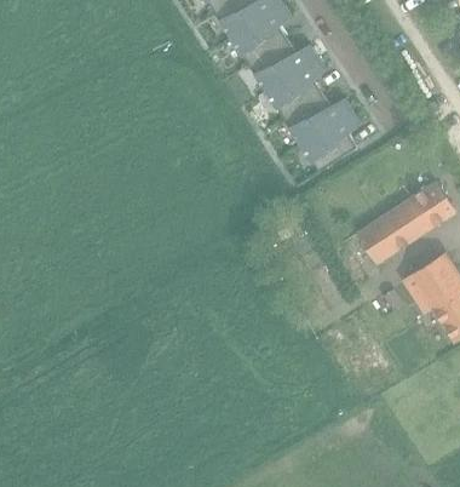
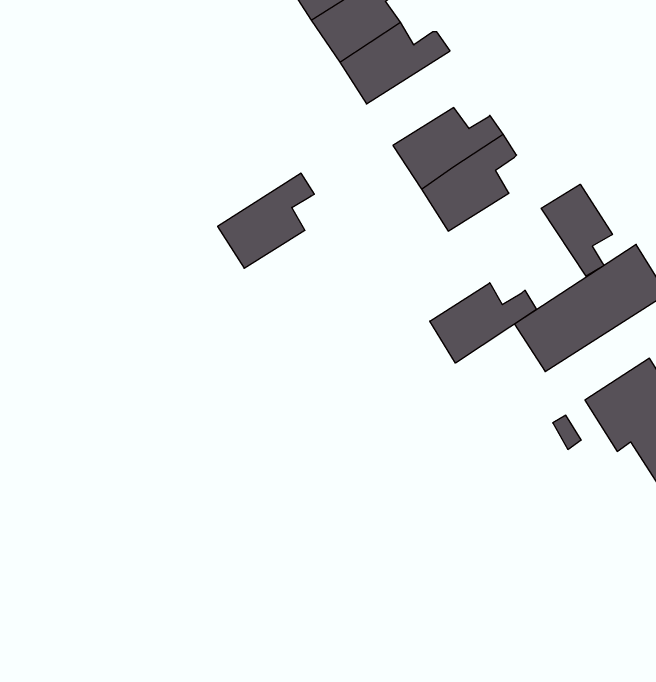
building: [264,56,326,116] -> [218,173,314,268]
building: none -> [541,184,612,276]
building: none -> [430,283,537,363]

